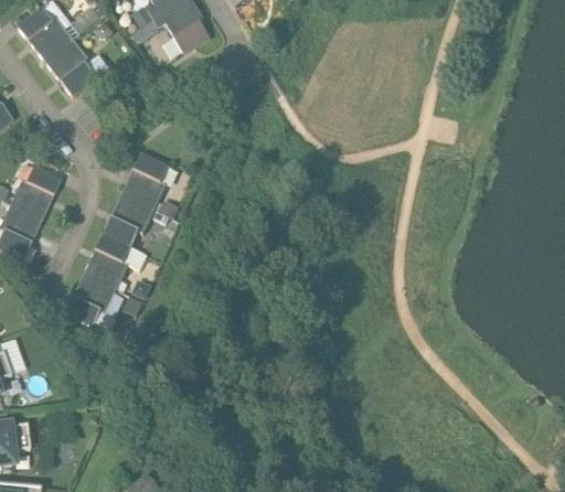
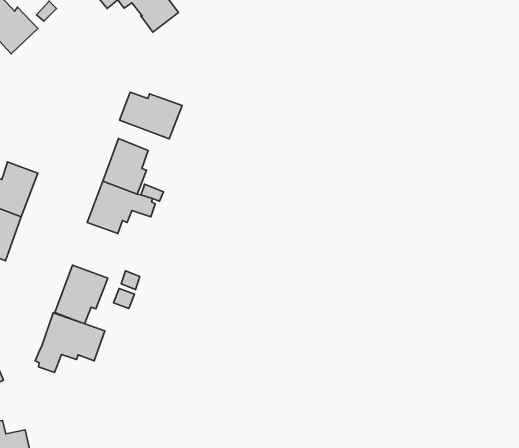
building: [45,40,96,96] -> none
building: none -> [120,92,182,139]
building: [86,231,132,286] -> none
building: none -> [35,313,105,373]

